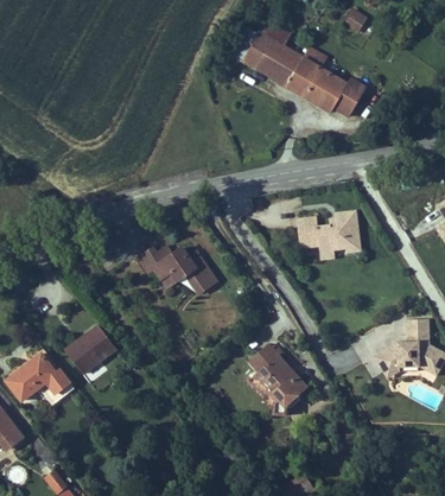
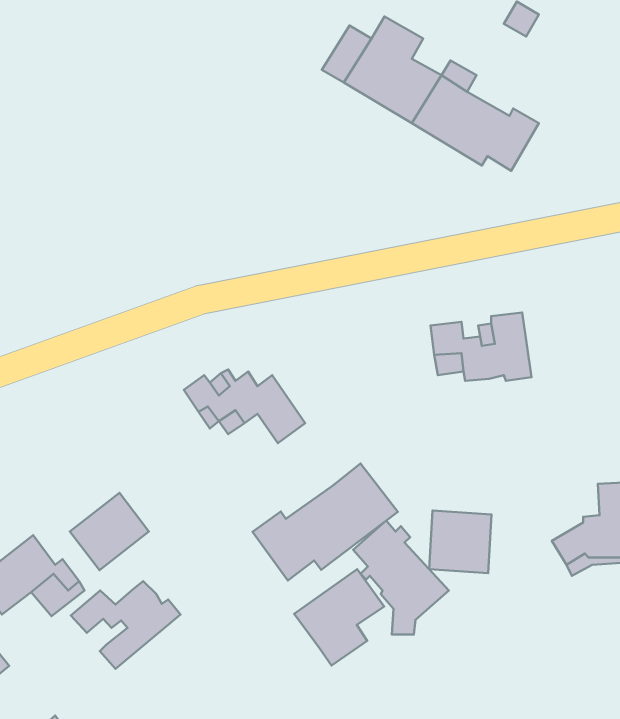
building: none -> [253,463,398,580]
building: none -> [429,510,492,573]
building: none -> [294,569,384,665]
building: none -> [71,581,181,669]

